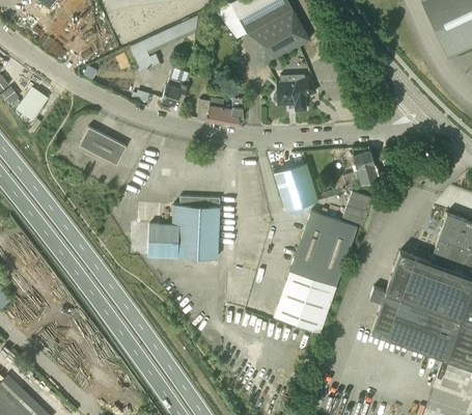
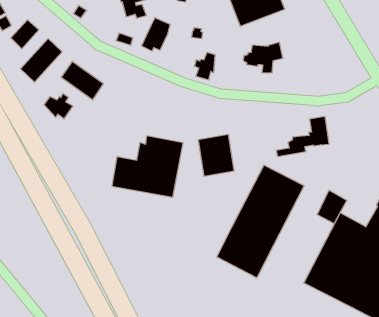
building: [197,96,226,125] -> none
building: none -> [21,39,62,82]
building: [274,162,317,211] -> [198,134,234,176]
building: none -> [44,94,73,119]
building: [341,192,371,227] -> [317,190,347,224]

